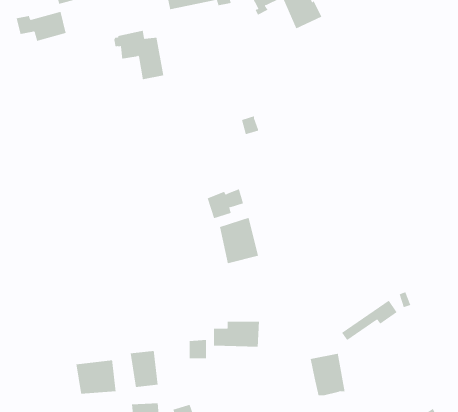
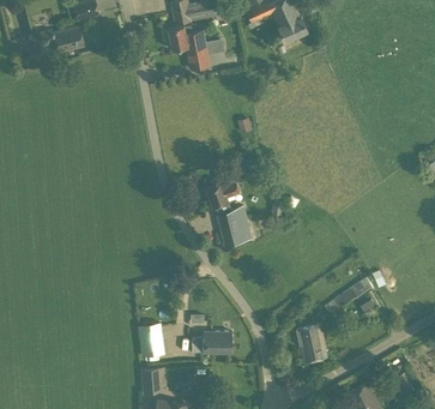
building: [113,30,164,80] -> [164,24,209,67]
building: [213,321,260,347] -> [192,331,232,354]
building: [76,360,116,395] -> none

